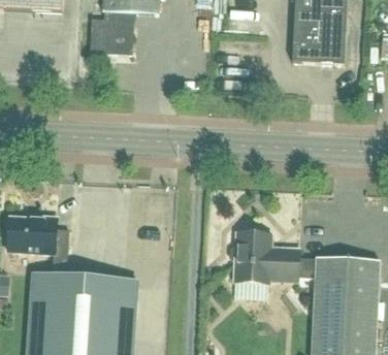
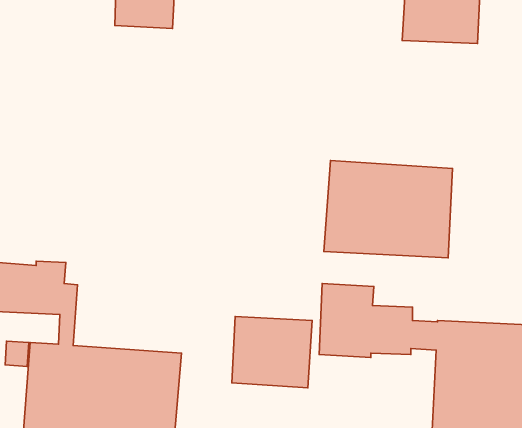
building: none -> [324,161,452,258]
building: none -> [232,317,312,388]

